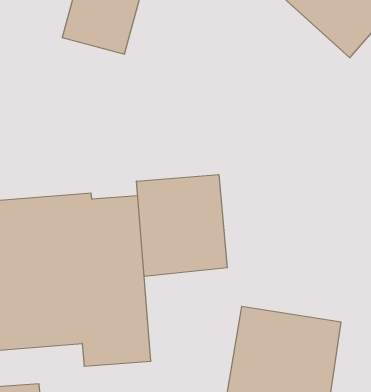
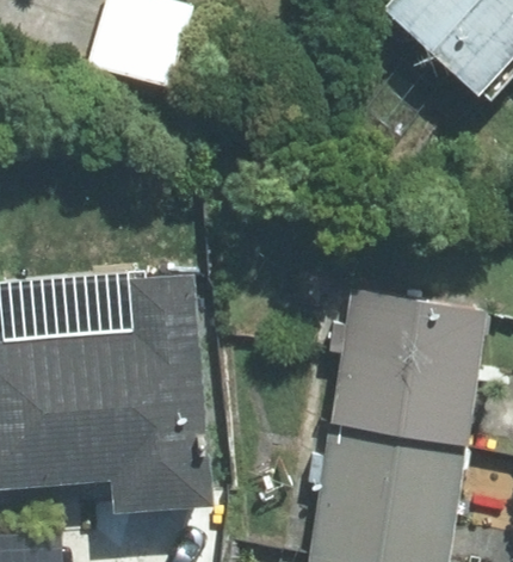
building: [137,175,227,277] -> none
building: none -> [332,292,488,449]

